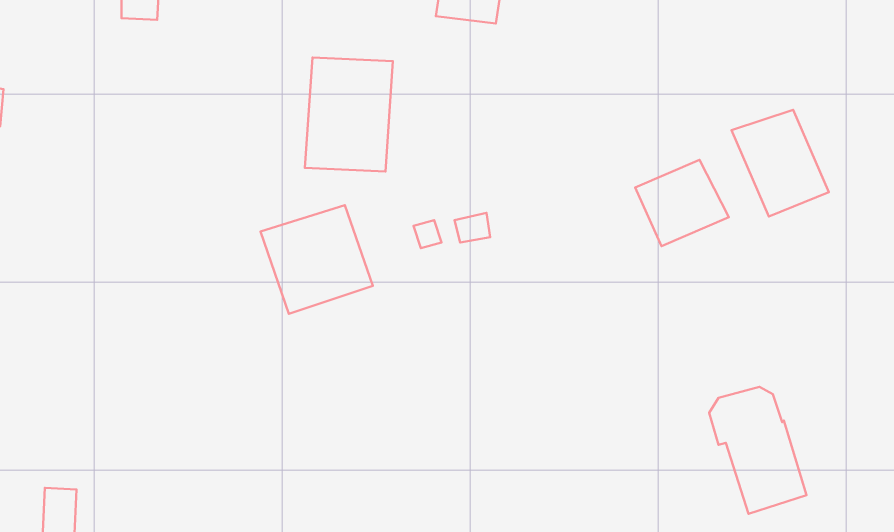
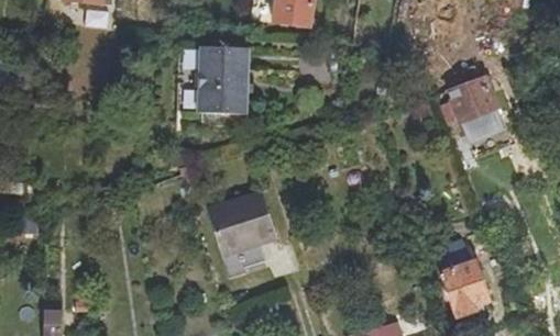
building: [635,160,729,246] -> none
building: [261,205,373,314] -> [211,194,277,258]

